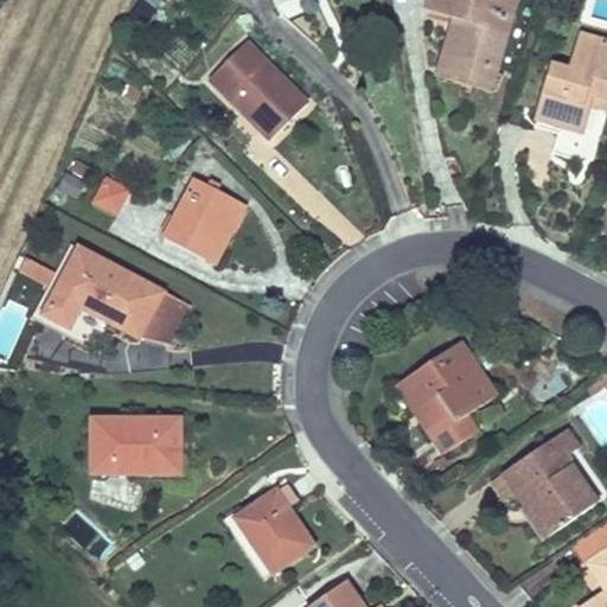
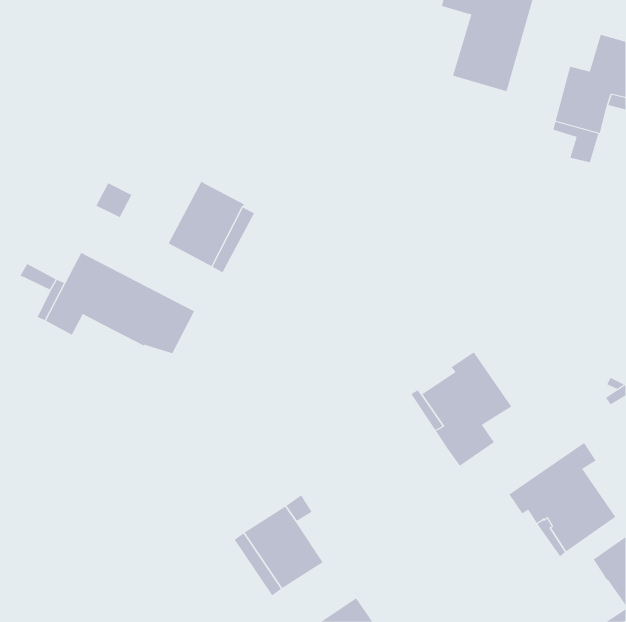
building: [210,40,307,138] -> none
building: [92,417,179,471] -> none

